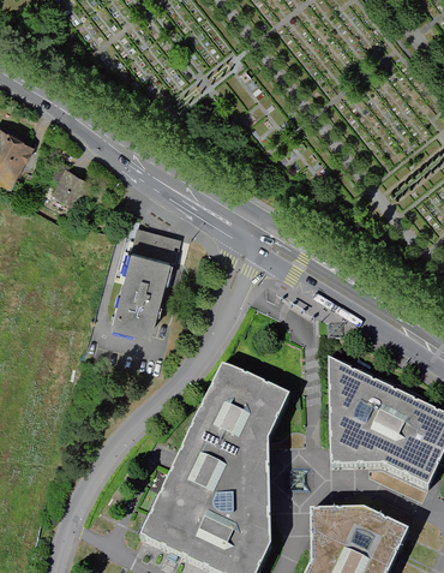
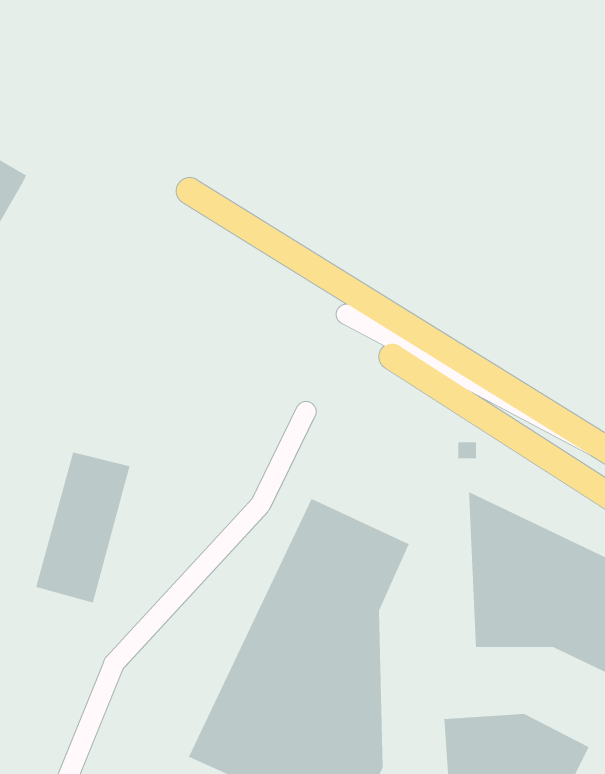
building: [49,166,89,205] -> none
building: [107,229,172,333] -> [35,452,131,603]

